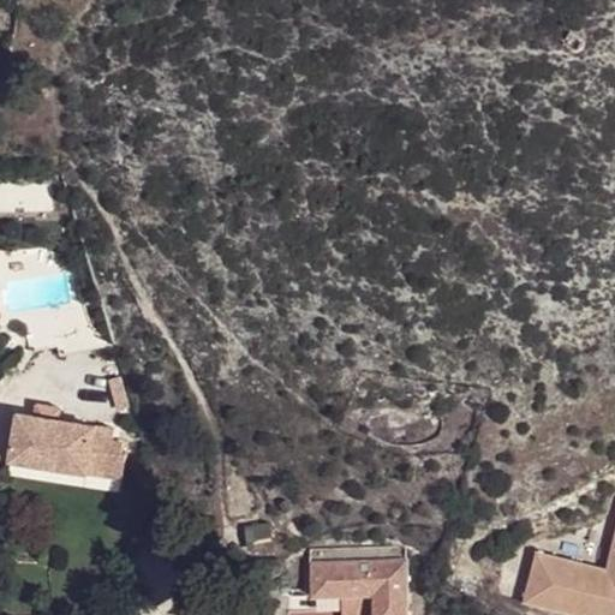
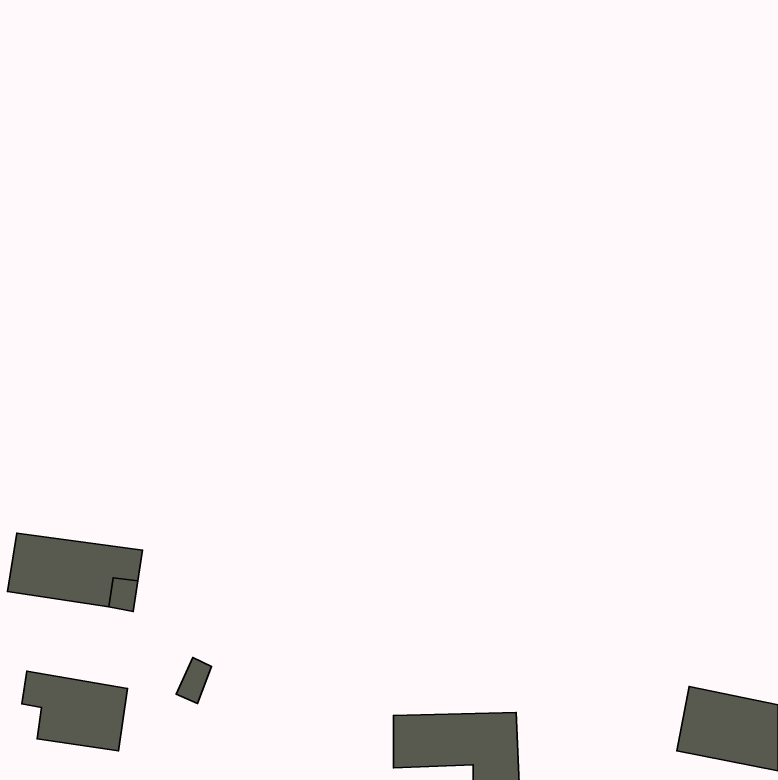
building: none -> [22,671,128,751]

